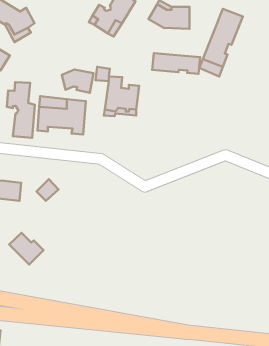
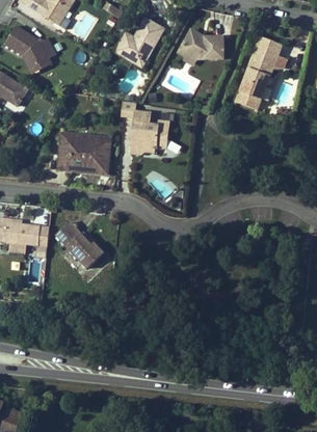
building: [152,53,200,74] -> none
building: [62,70,94,93] -> none
building: [7,82,35,138] -> none
building: [9,233,43,264] -> [67,234,104,268]

